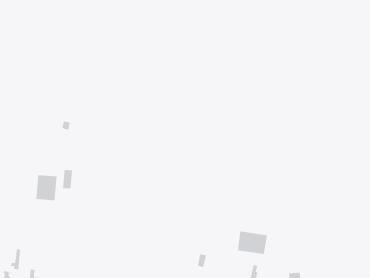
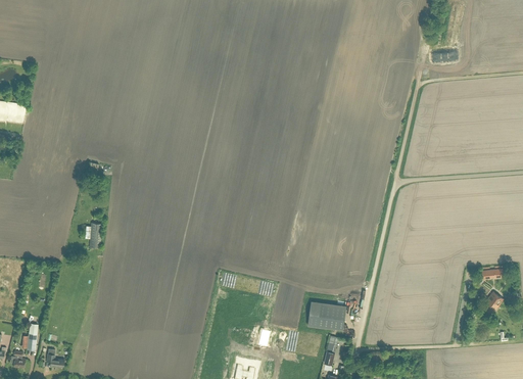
building: [36,175,57,201] -> none

